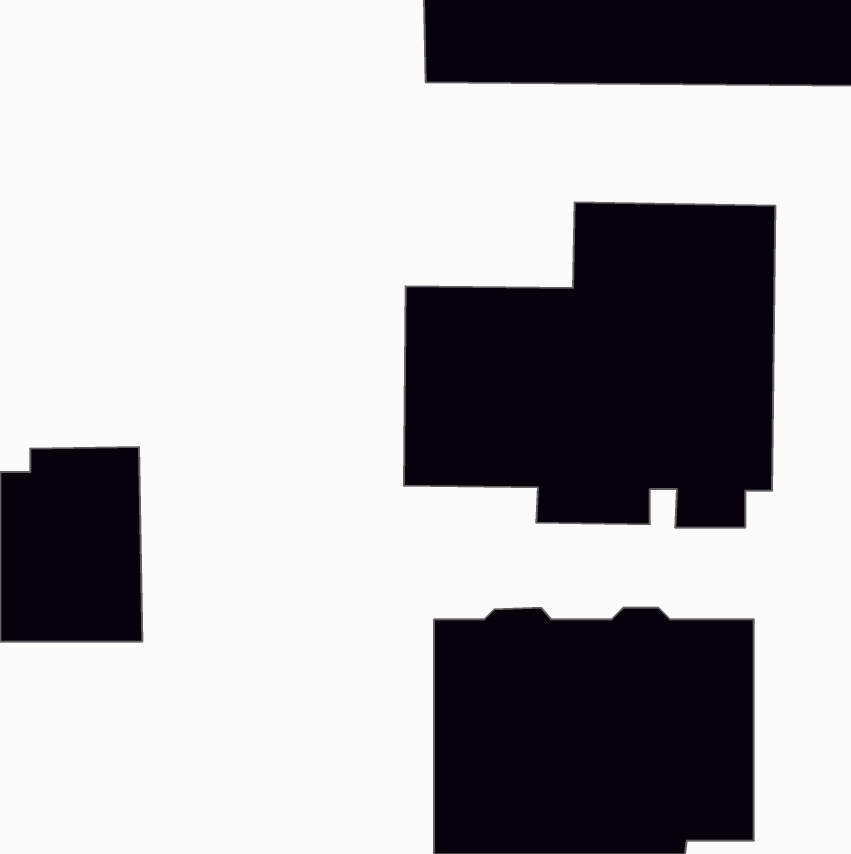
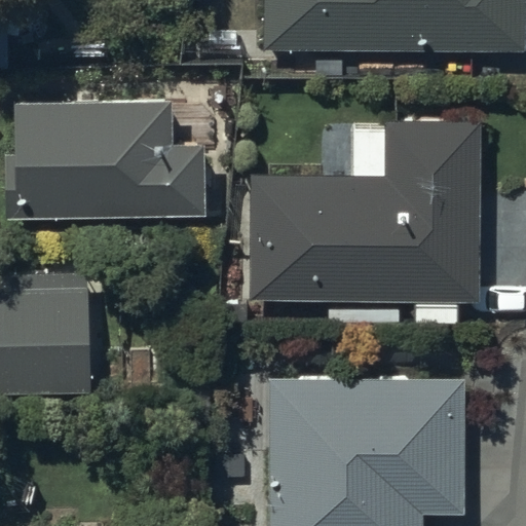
building: none -> [7,90,206,219]

